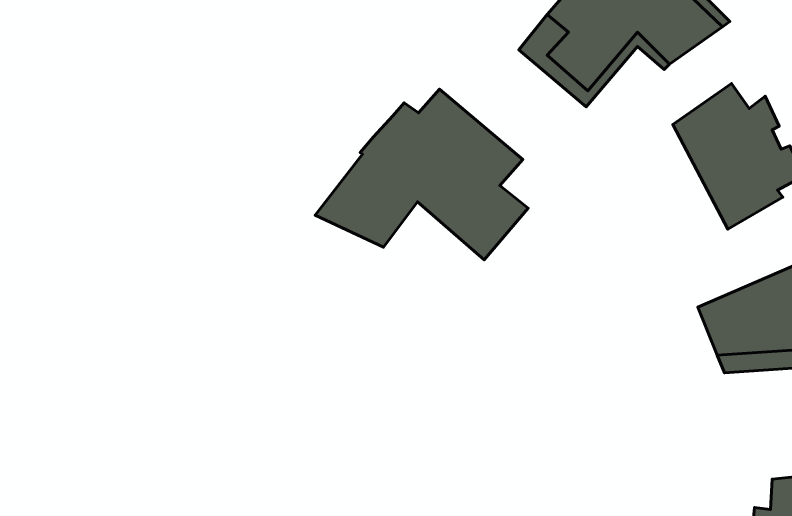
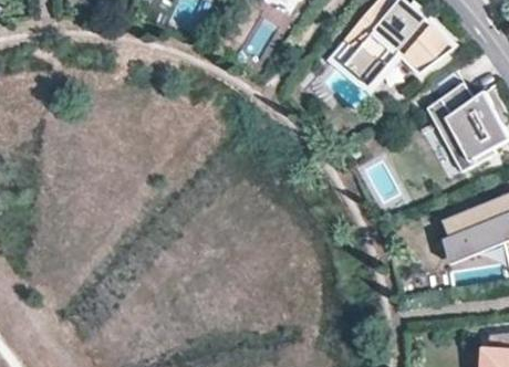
building: [315,89,528,260] -> none

